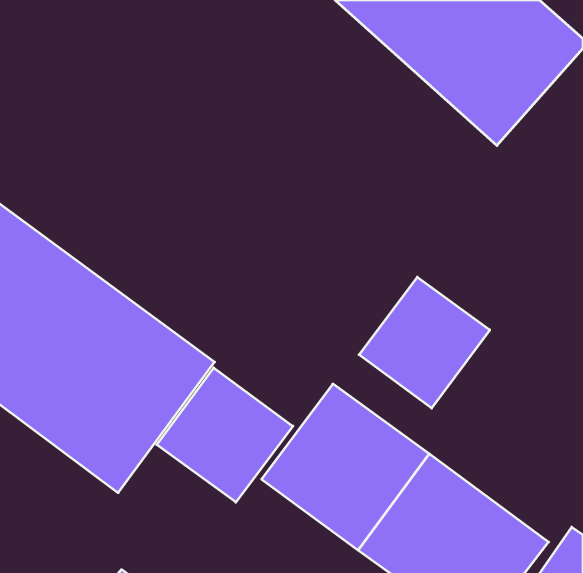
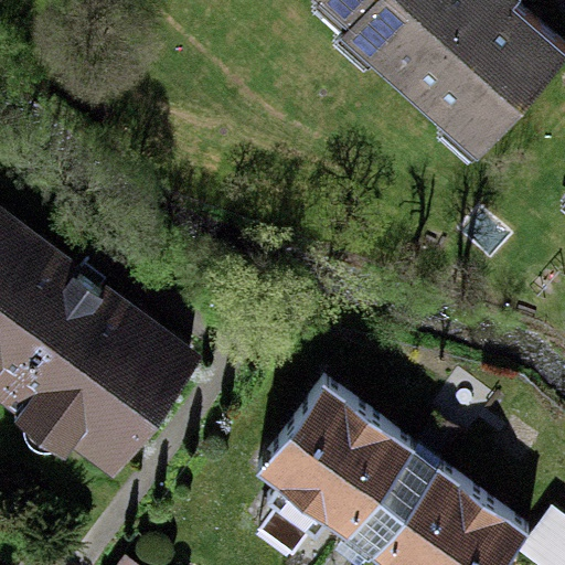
building: [359,277,490,408] -> none
building: [157,368,293,502] -> none

